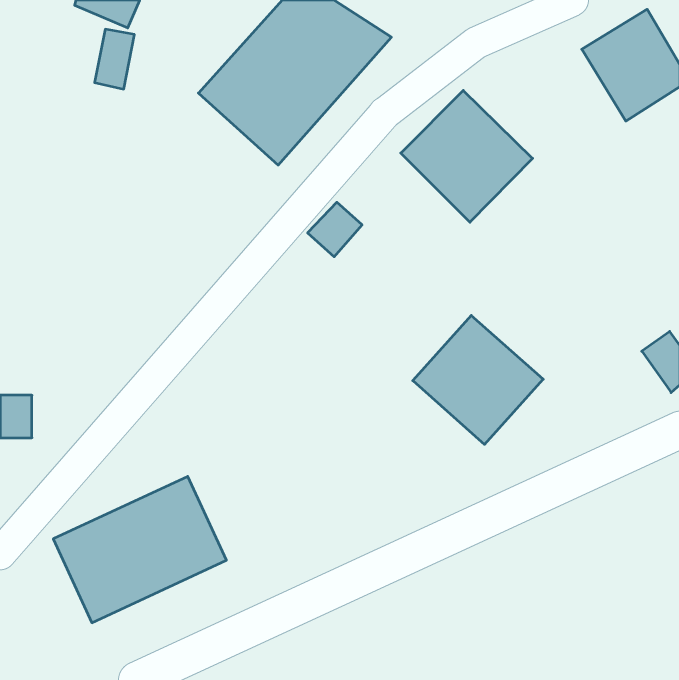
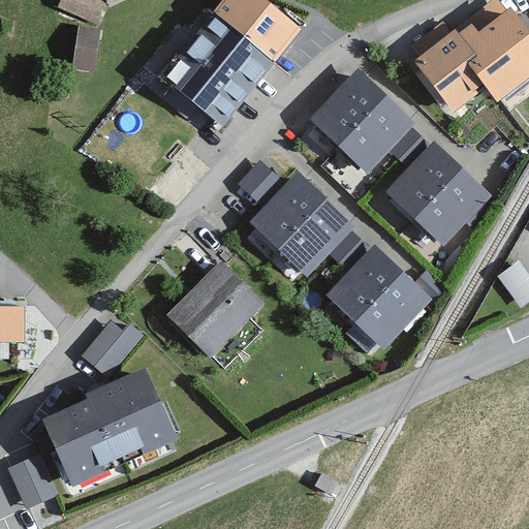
building: none -> [406,35,477,113]
building: none -> [387,142,493,247]
building: none -> [248,173,351,275]
building: none -> [161,257,264,361]
building: none -> [85,322,145,377]
building: none -> [9,457,61,506]

